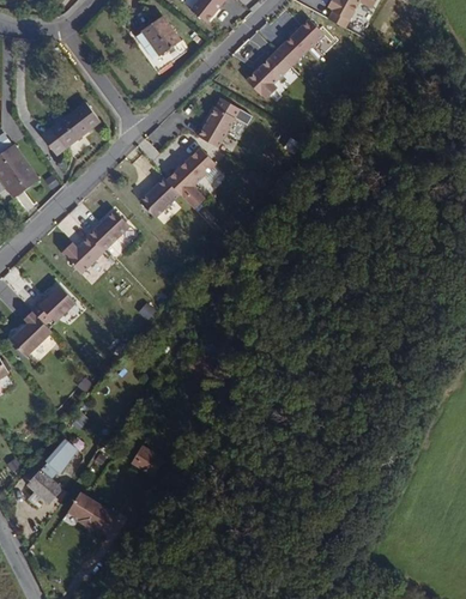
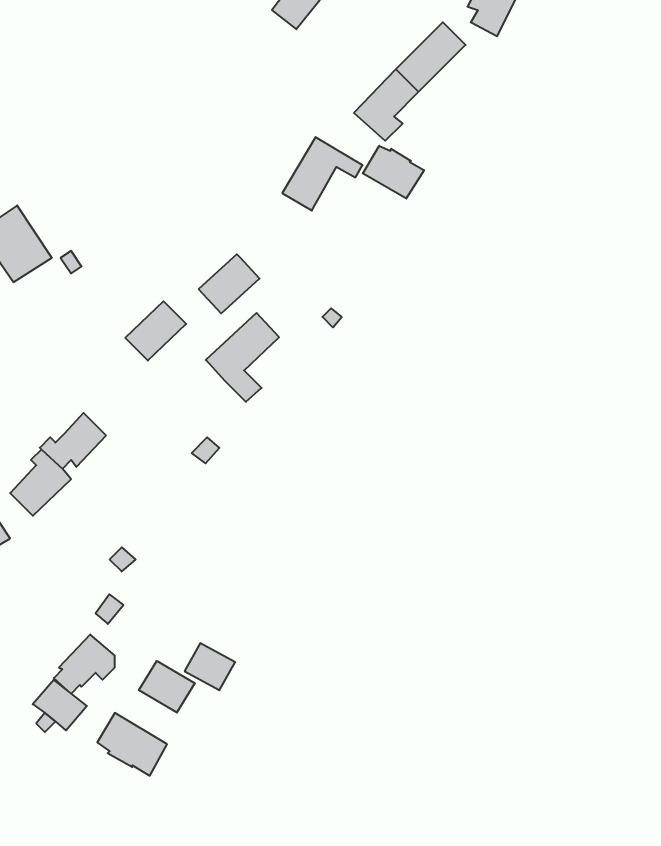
building: [141,14,182,56] -> none
building: [41,101,102,156] -> none
building: none -> [363,146,424,199]
building: [168,147,218,208] -> [206,313,279,402]
building: [60,235,104,274] -> none
building: none -> [139,661,195,713]

